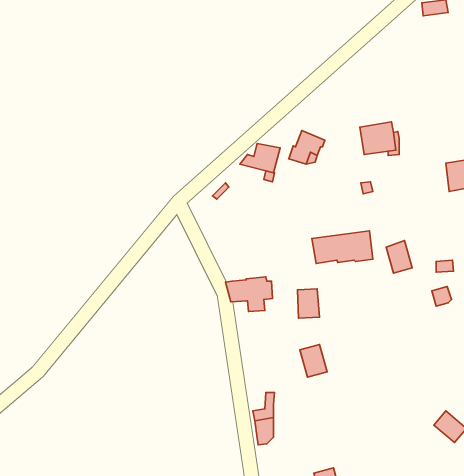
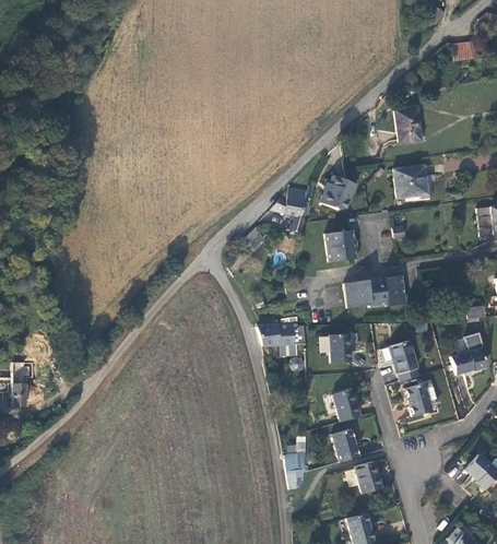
building: none -> [394,108,419,143]
building: none -> [326,230,357,262]
building: [386,241,412,273] -> [389,340,415,372]
building: none -> [451,347,485,374]
building: none -> [405,380,437,415]
building: none -> [331,429,357,462]
building: none -> [354,461,380,493]

